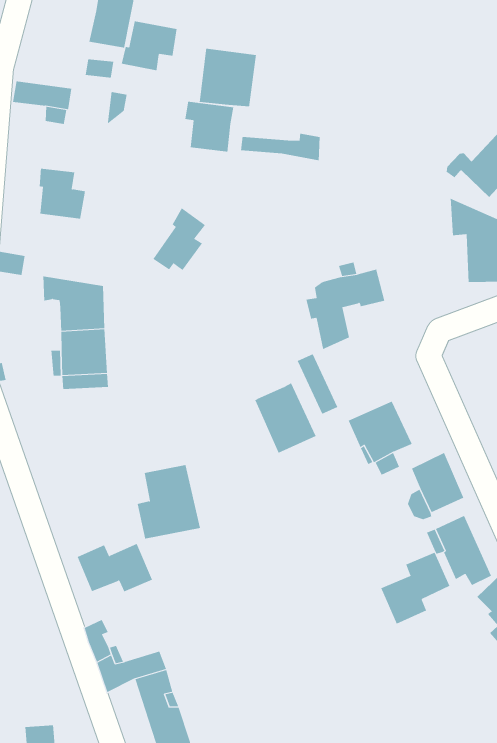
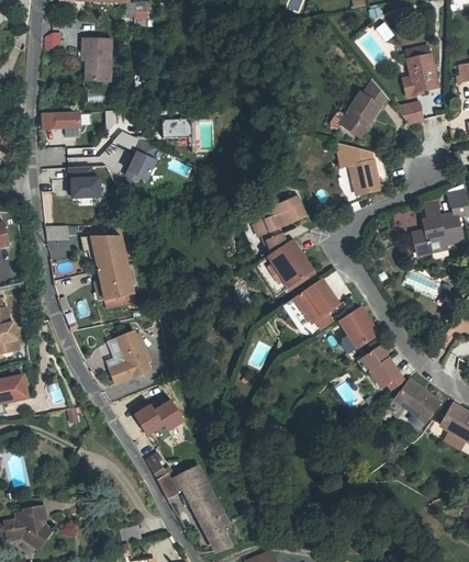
building: [121,20,177,71] -> none
building: [199,48,256,107] -> none
building: [241,133,320,161] -> none
building: [153,208,206,271] -> [125,138,156,180]
building: [255,383,317,454] -> [269,239,313,286]
building: [137,464,201,539] -> [107,330,150,383]
building: [381,552,450,625] -> none

